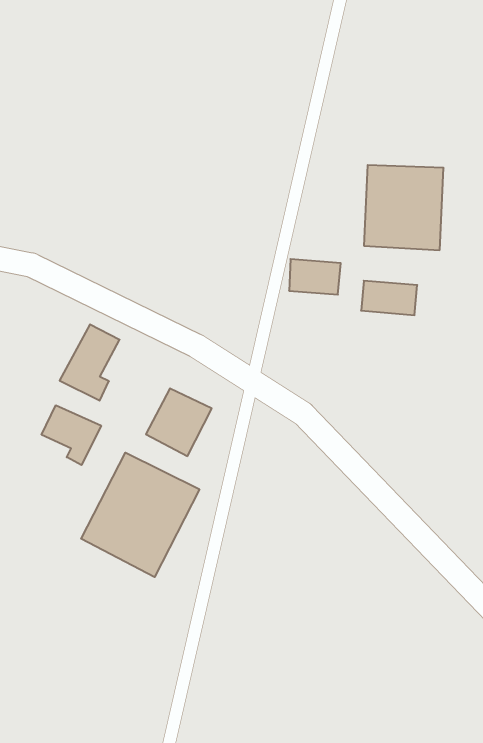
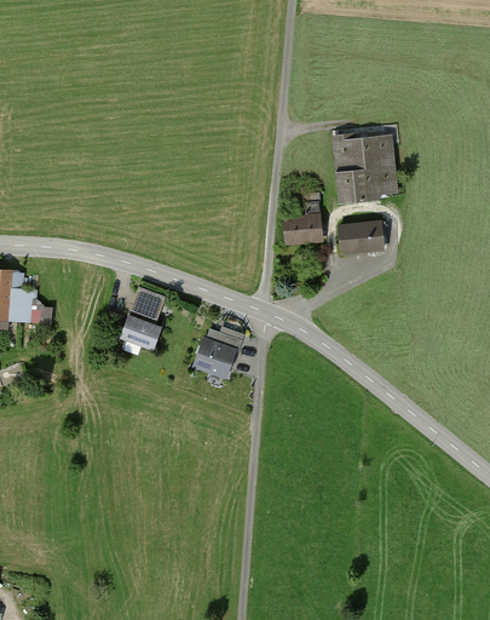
building: [42,405,101,465] -> none
building: [81,453,199,577] -> none

